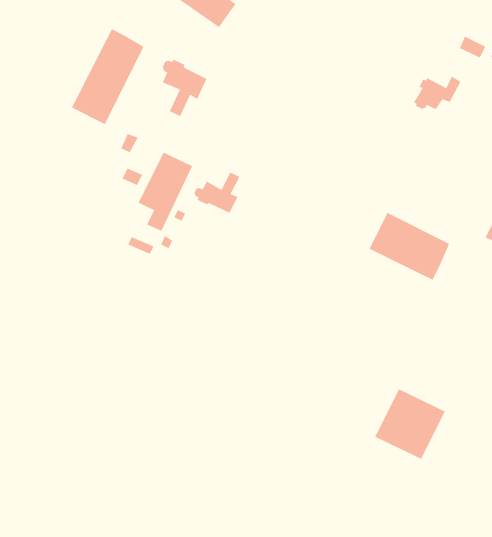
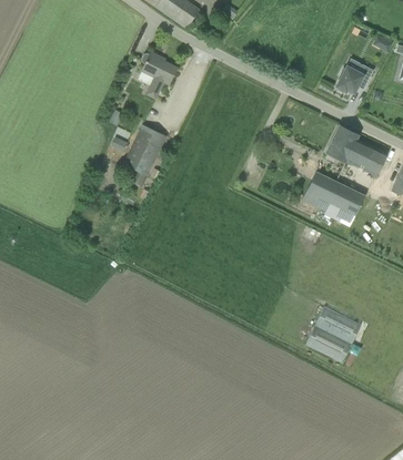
building: [71,28,144,125] -> none
building: none -> [325,124,387,175]
building: [194,172,240,214] -> none

